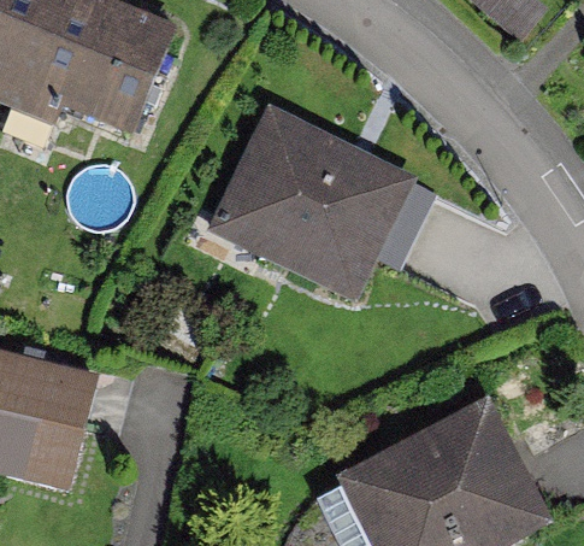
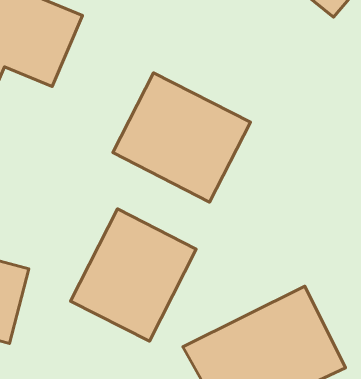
building: none -> [71,209,196,341]

